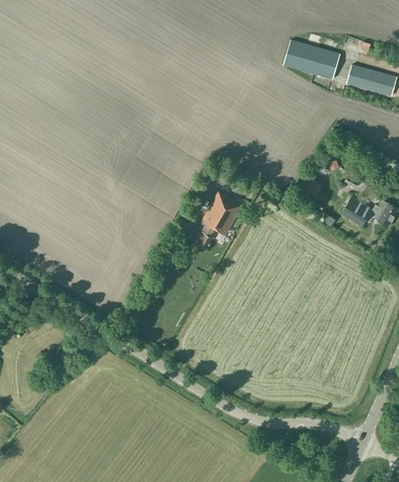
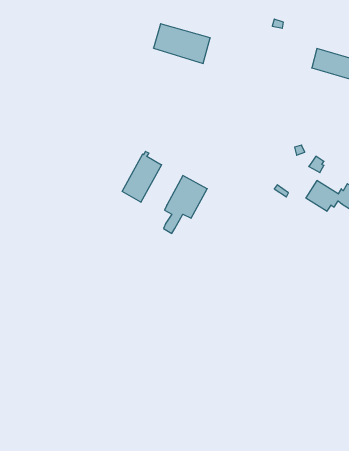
building: [284,39,340,79] -> [153,24,210,63]
building: none -> [122,151,162,202]

